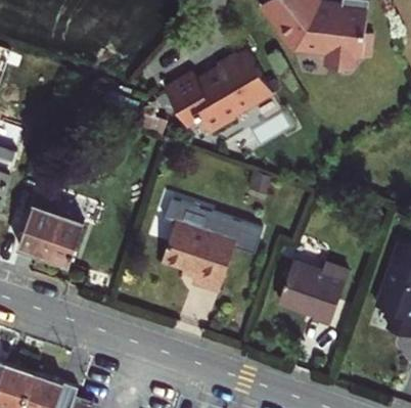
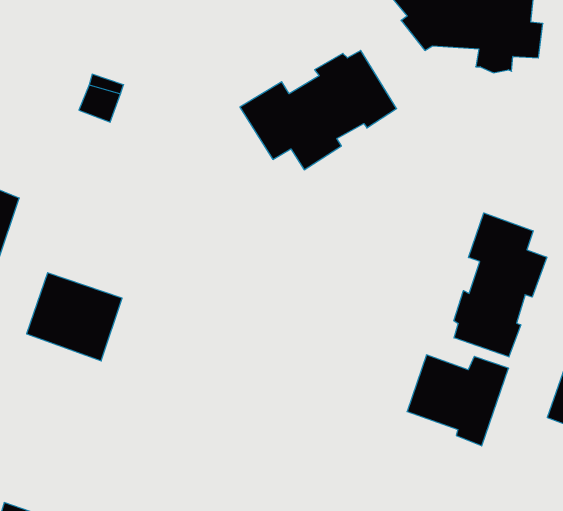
building: none -> [454,213,547,357]
building: [163,198,264,292] -> none

